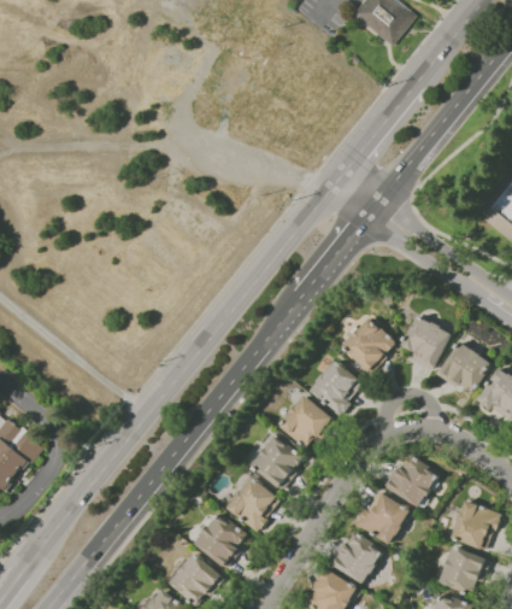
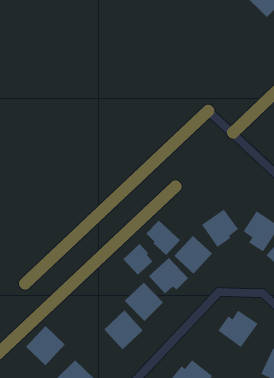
building: none -> [145,220,181,256]
building: none -> [122,243,153,275]
building: [357,491,410,544] -> none
building: [193,511,248,568] -> [25,325,66,366]

